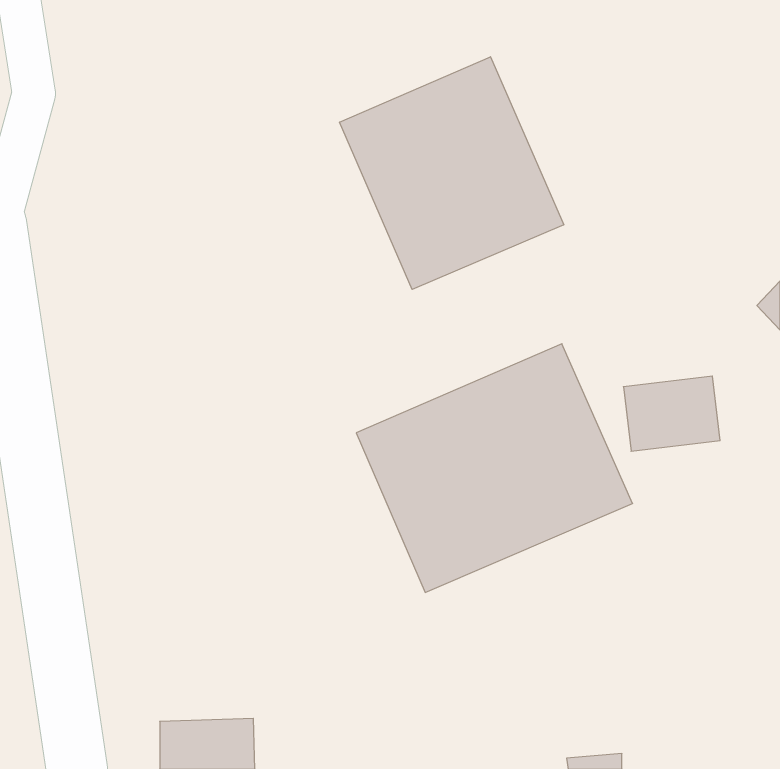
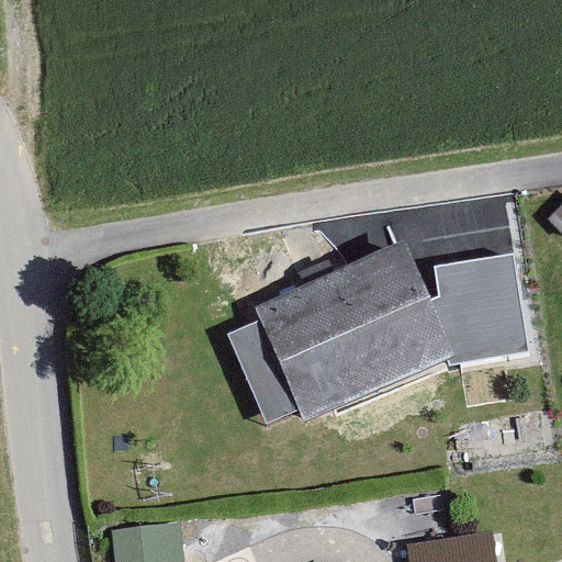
building: [340,57,564,289] -> none

